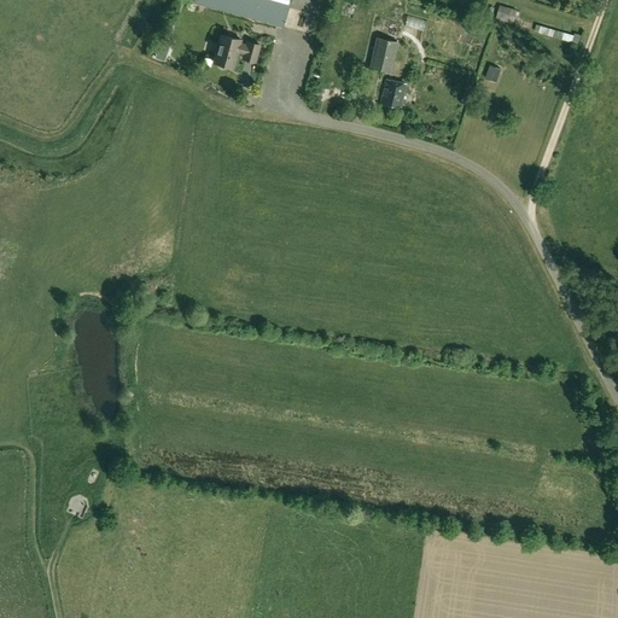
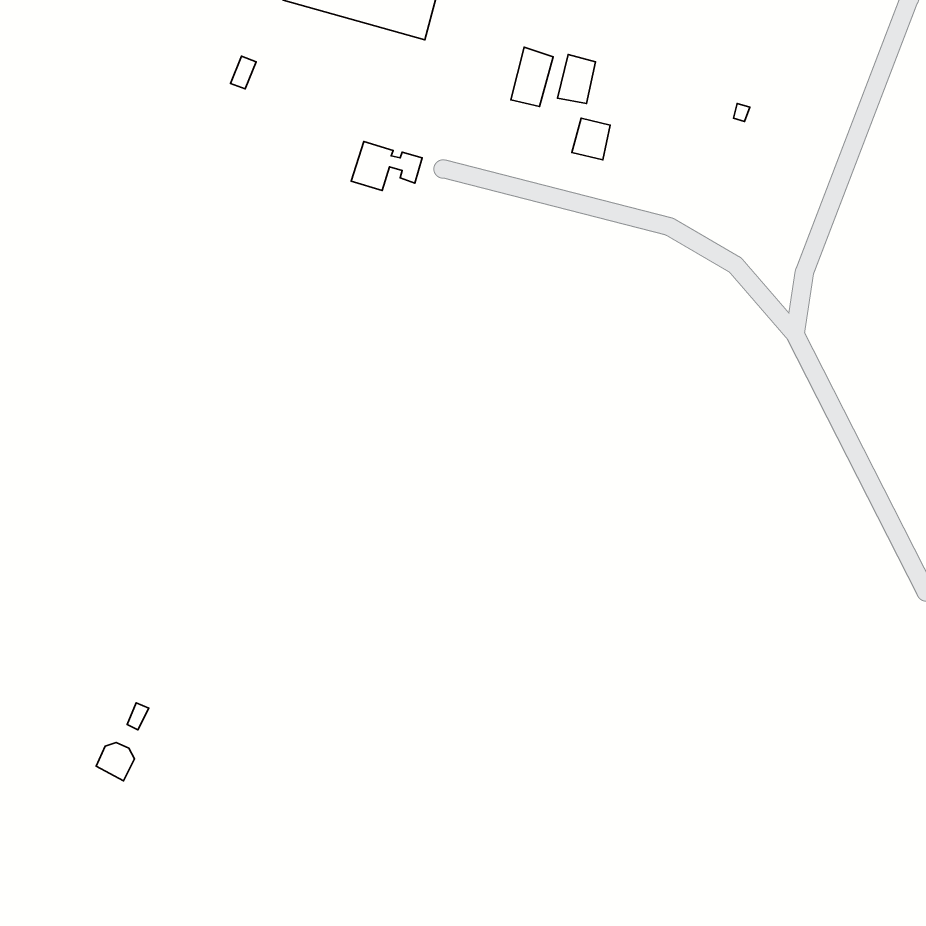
building: none -> [511,47,553,106]
building: [212,34,260,66] -> [351,141,422,190]

